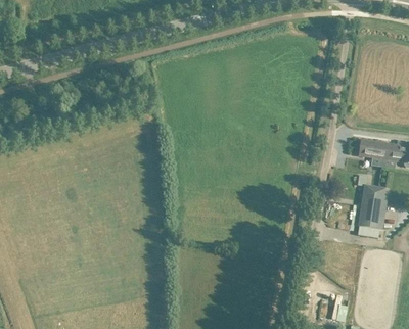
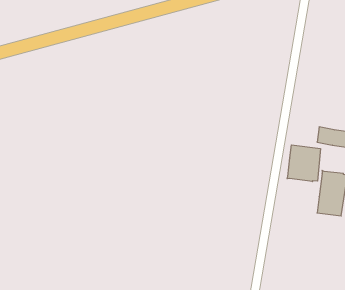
building: none -> [287,145,320,182]

